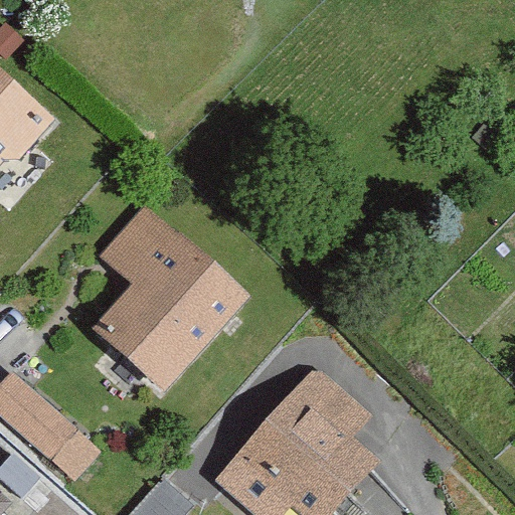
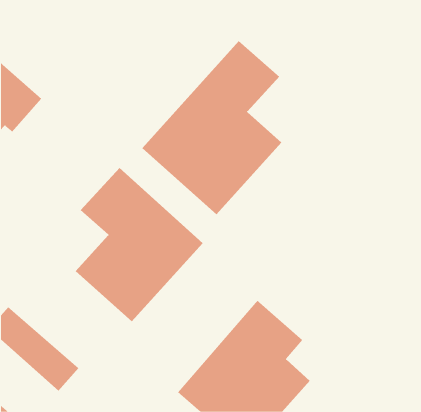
building: none -> [141,40,282,215]

